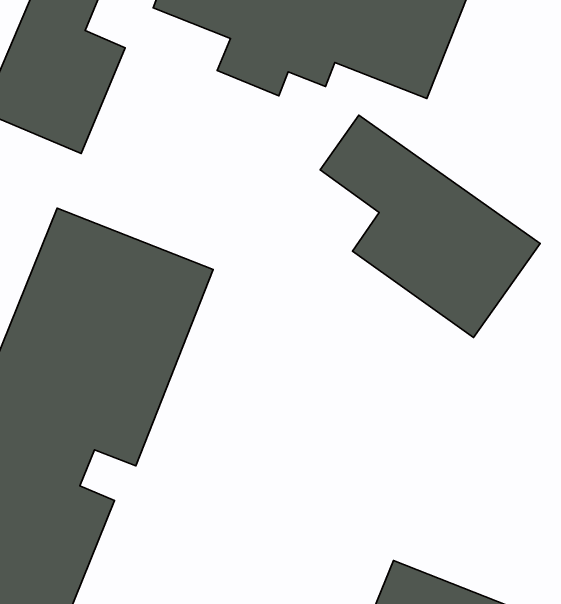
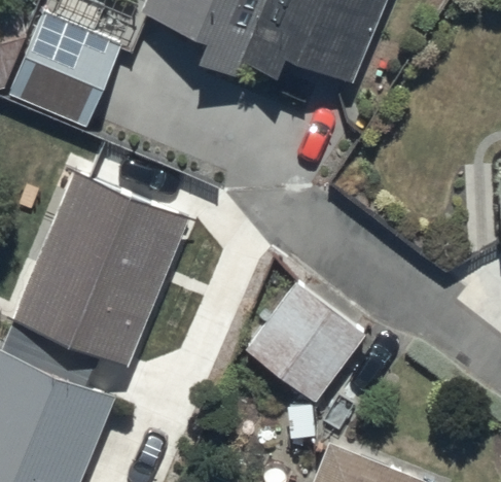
building: [320,115,540,337] -> none
building: none -> [245,281,369,404]

